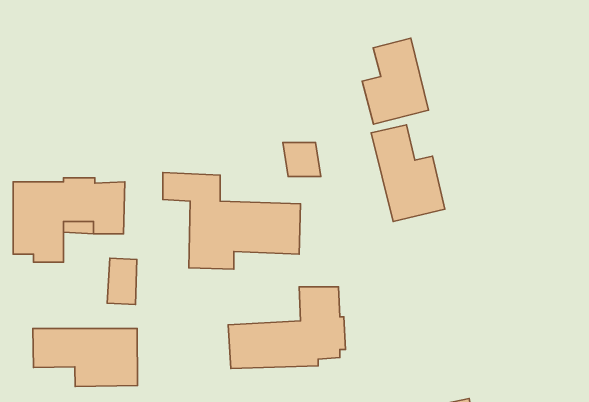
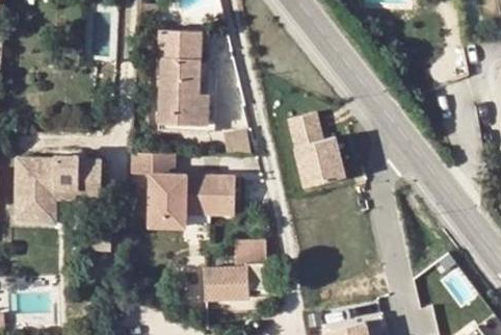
building: none -> [157,29,209,131]
building: [362,38,429,124] -> none
building: [33,328,138,386] -> none

